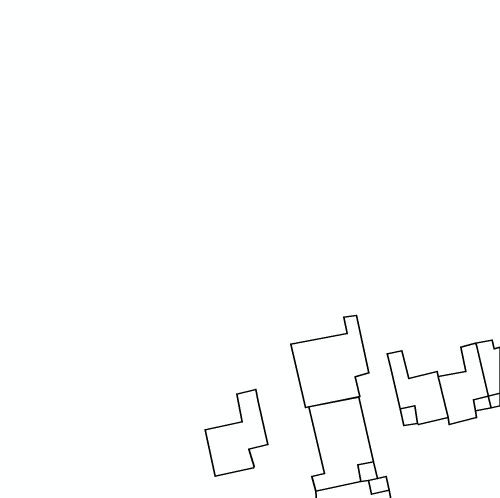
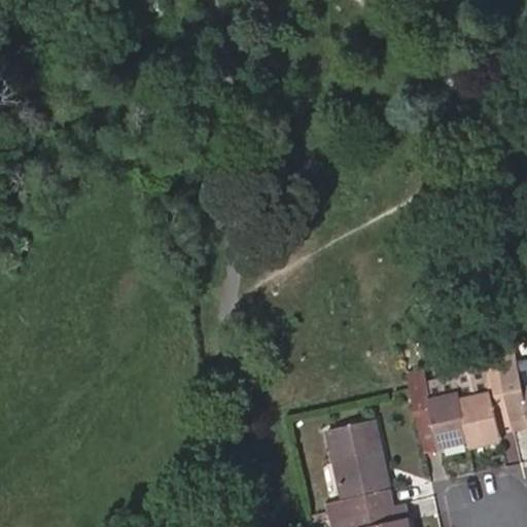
building: [291,315,369,408] -> none
building: [205,390,268,476] -> none

